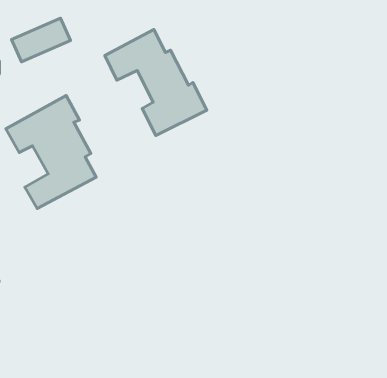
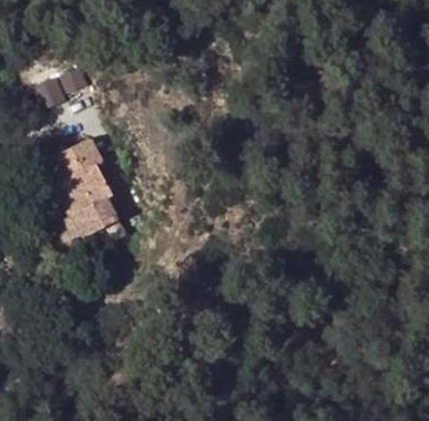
building: [105,30,207,135] -> none

